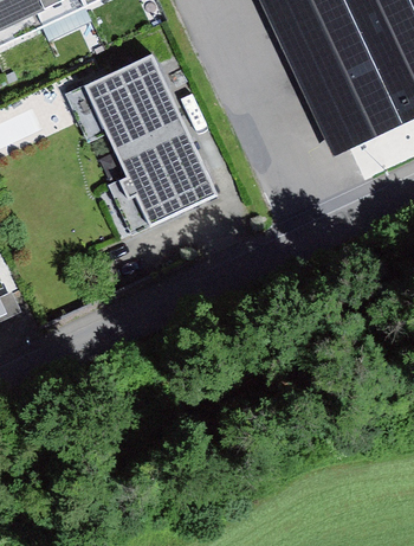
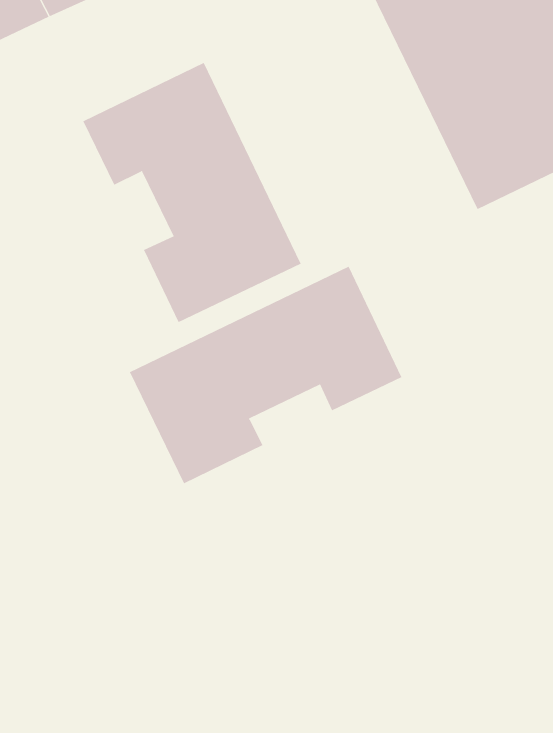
building: none -> [129,266,402,484]

